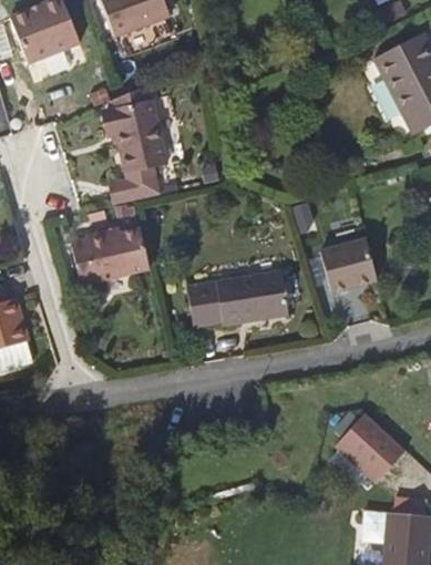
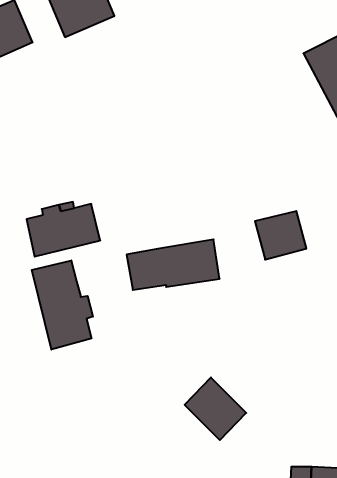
building: [104,89,170,205] -> none
building: none -> [32,260,93,350]
building: [337,412,404,481] -> [185,377,246,440]

